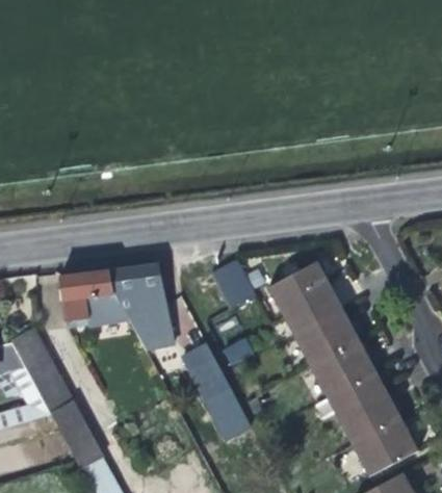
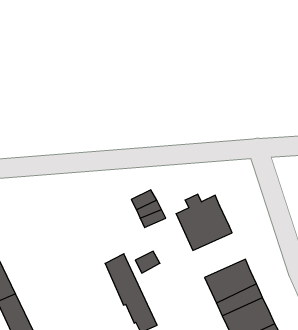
building: [61,265,168,333] -> none
building: [293,309,360,367] -> none

